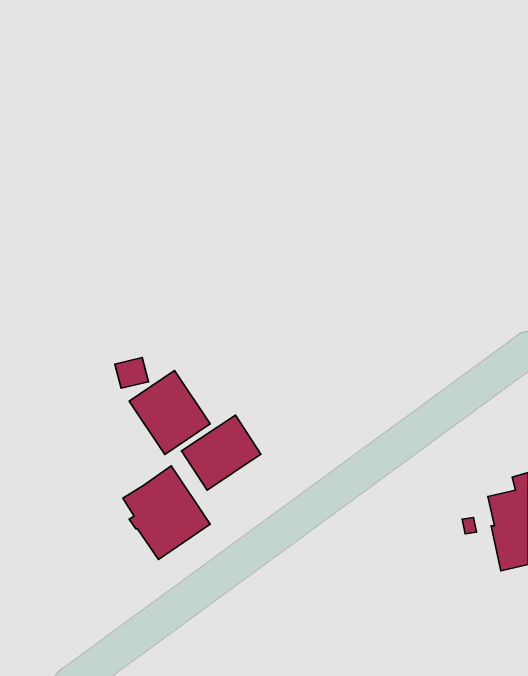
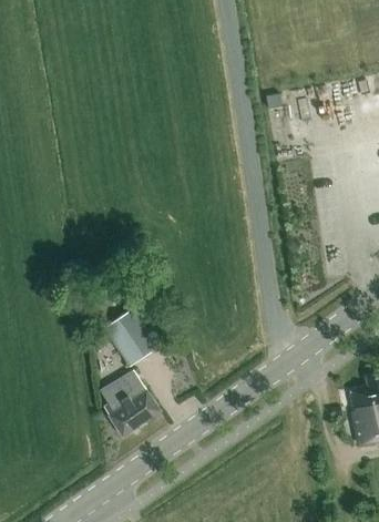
building: [181,415,261,490] -> none

